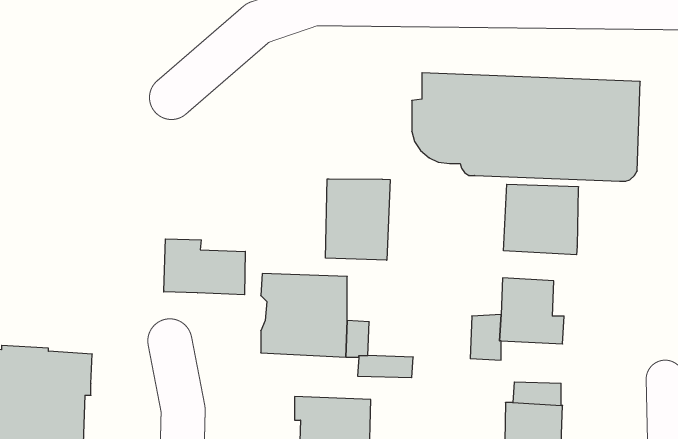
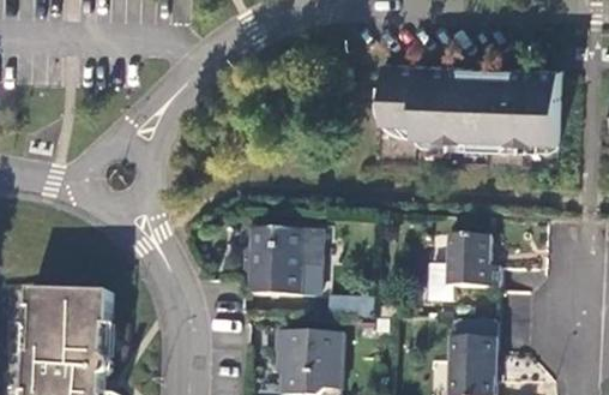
building: [326,179,390,260] -> none
building: [504,184,578,255] -> none
building: [164,239,245,295] -> none

